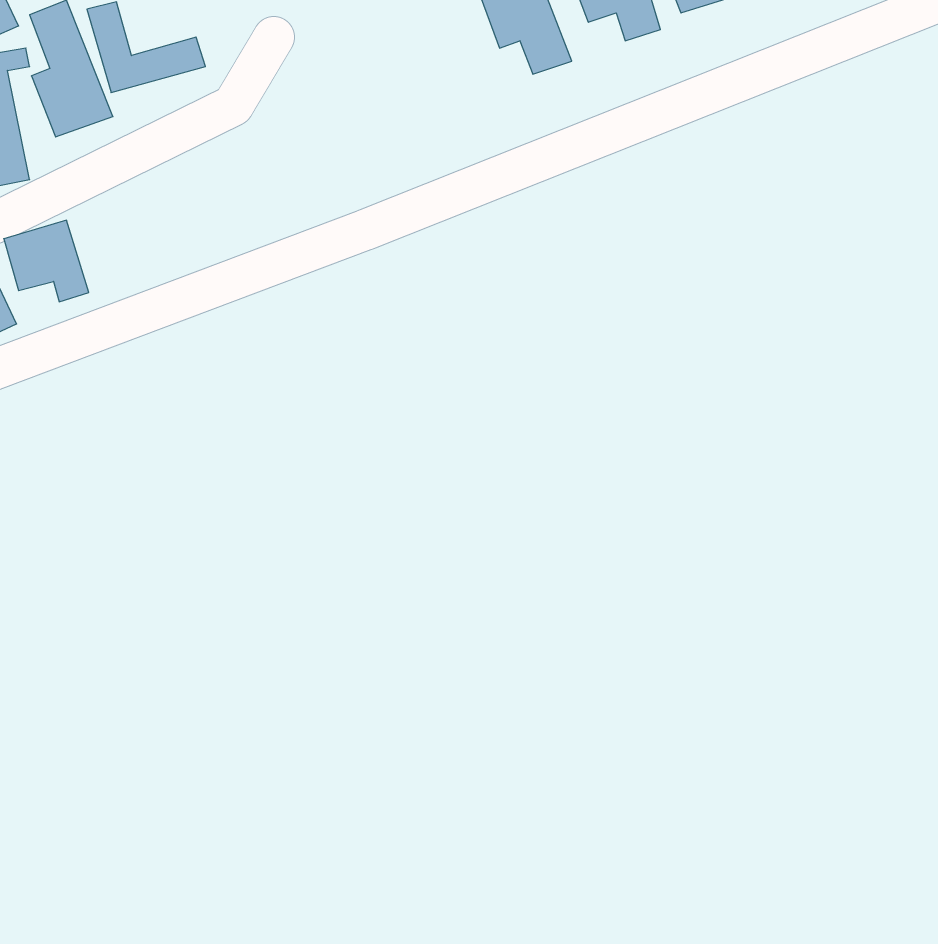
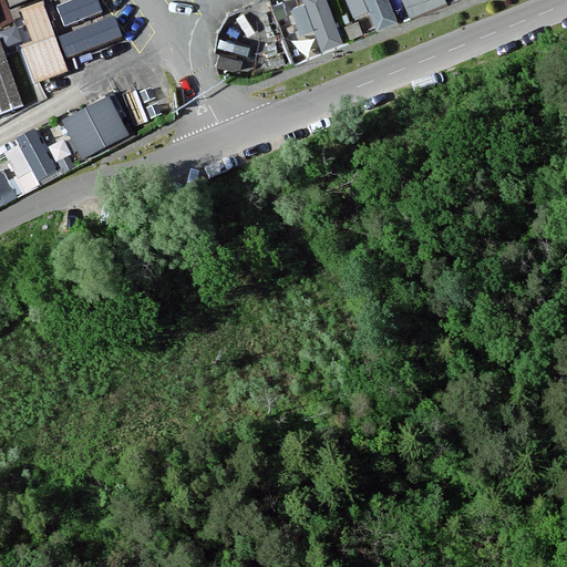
building: none -> [61,95,130,158]

